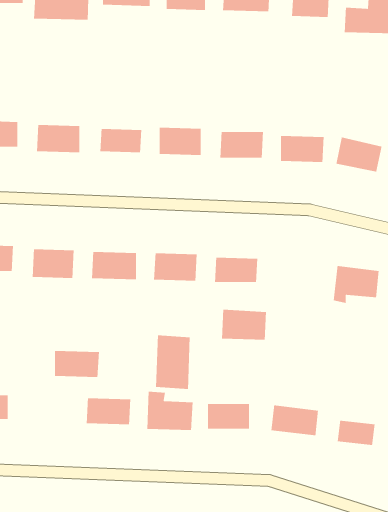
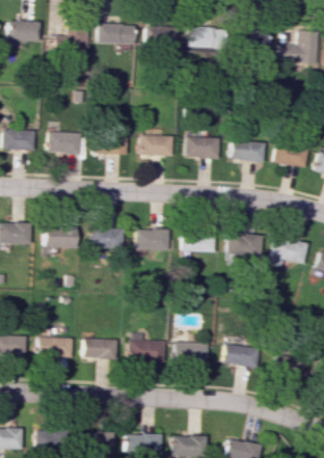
building: [221,309,267,341] -> [227,233,262,257]
building: [155,335,191,390] -> none
building: [54,350,100,378] -> [39,336,74,357]

